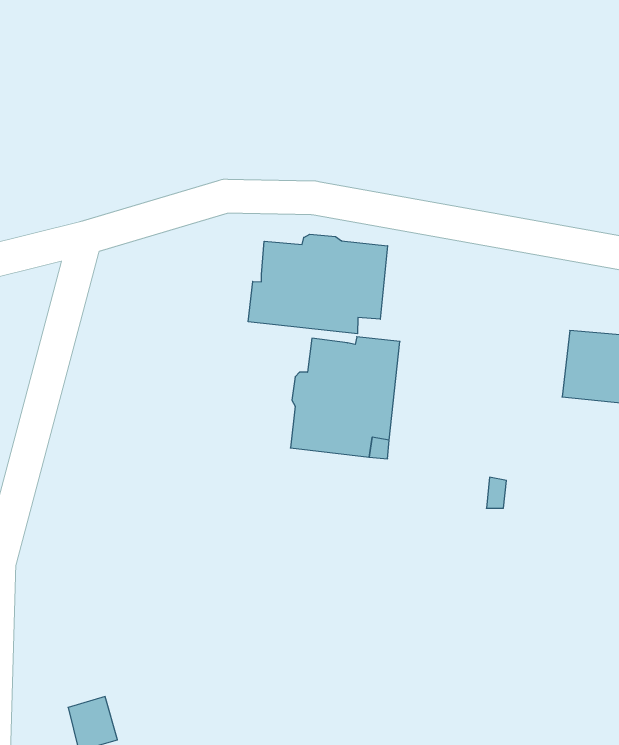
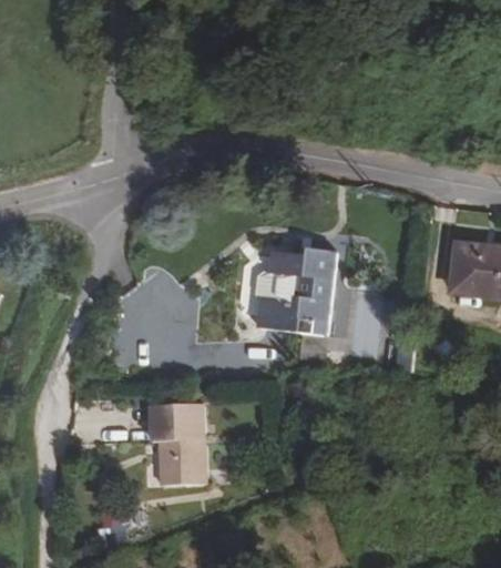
building: [248,234,388,334] -> none
building: none -> [150,402,207,486]

